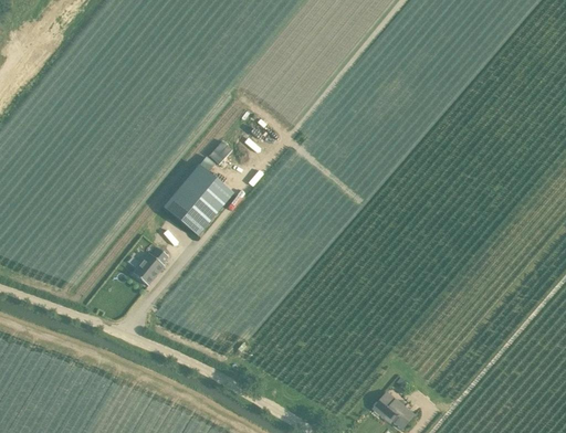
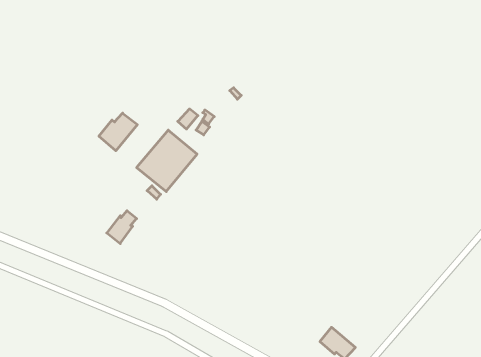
building: none -> [99,113,137,151]

